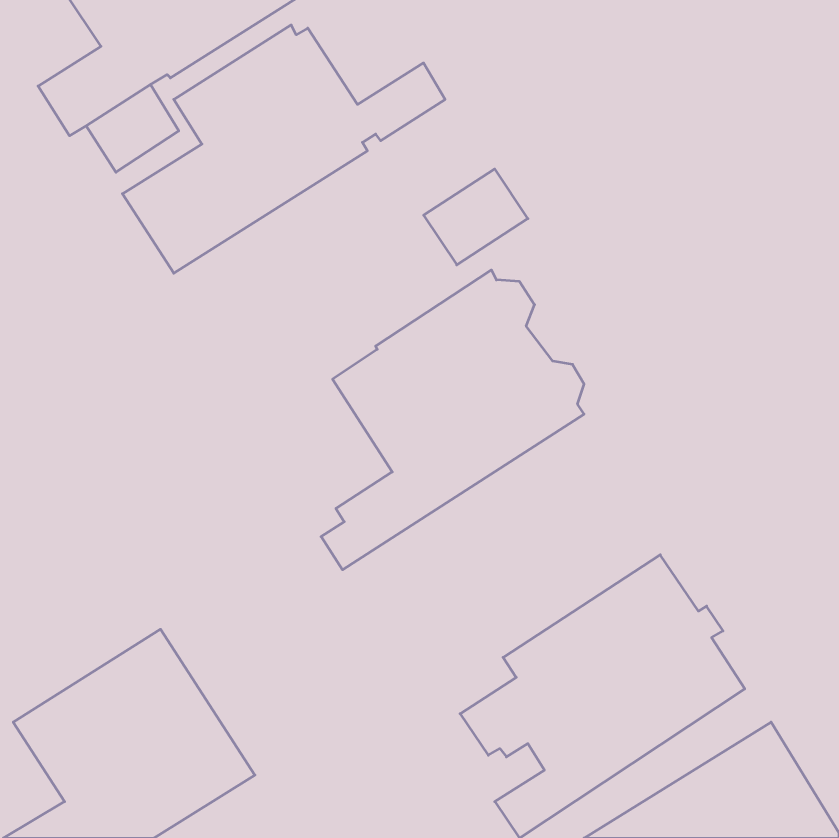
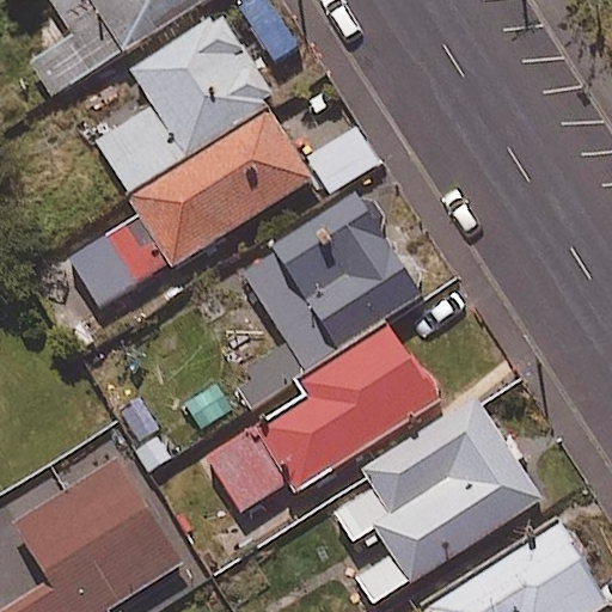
building: none -> [69,106,314,305]
building: none -> [208,324,440,513]

